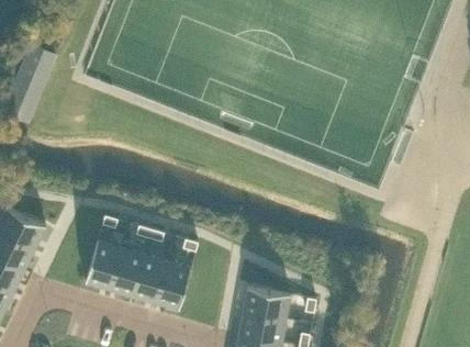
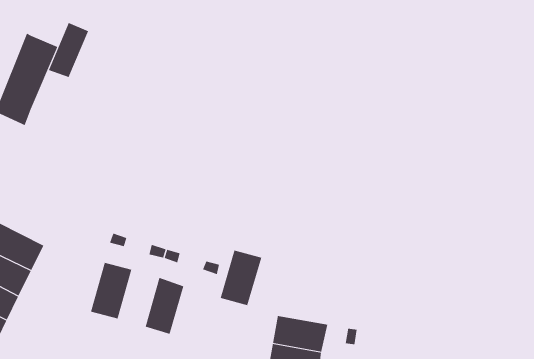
building: none -> [48,22,89,78]
building: [110,247,145,296] -> none
building: [155,261,191,310] -> [220,250,262,306]

